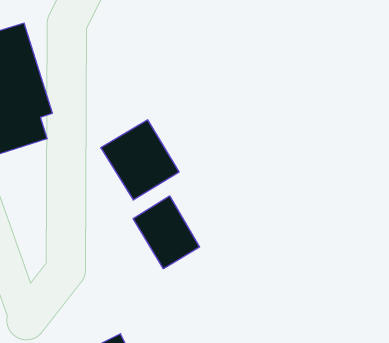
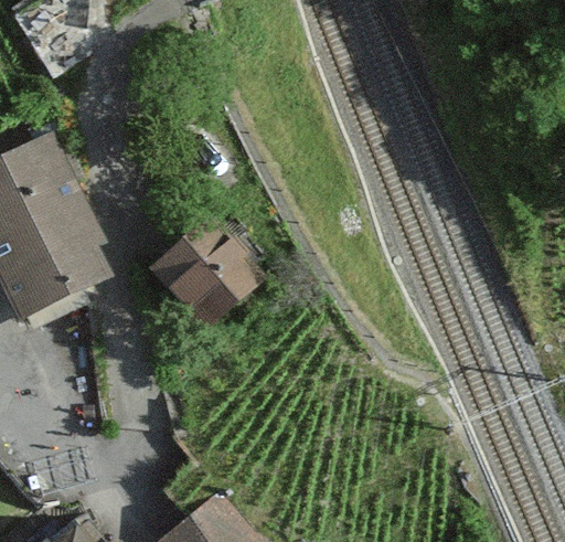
building: [133,196,200,269] -> none

